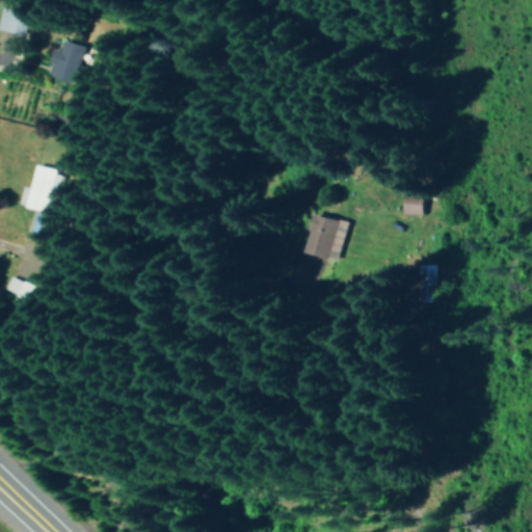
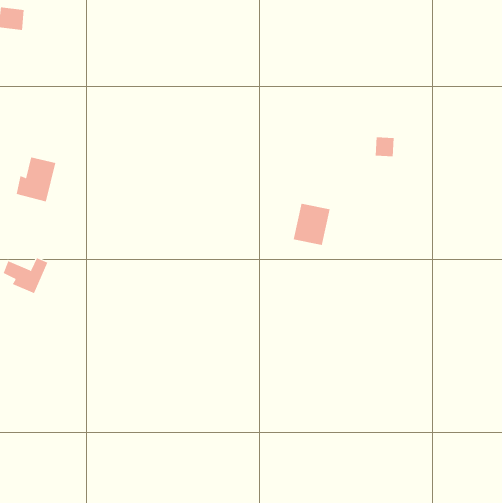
building: [49,39,82,83] -> none
building: [403,194,424,215] -> [375,137,394,157]

